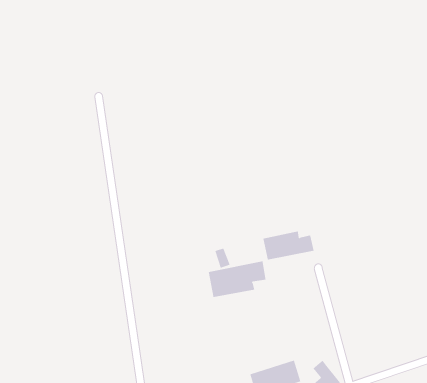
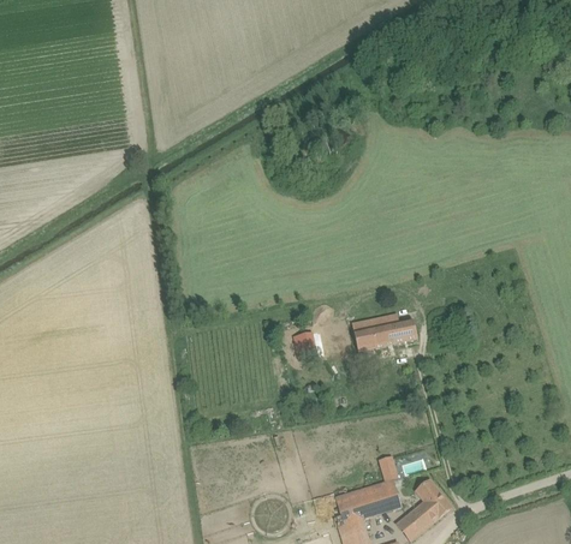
building: [208,260,266,298] -> none

